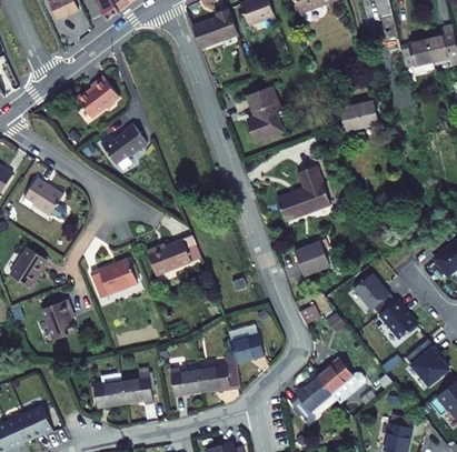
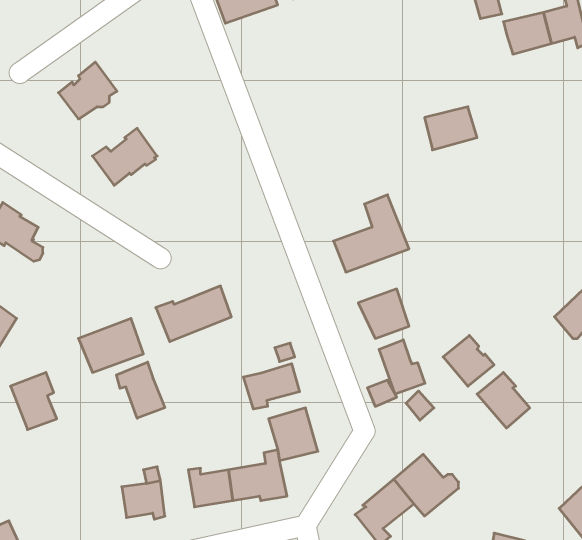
building: [244,89,281,145] -> none
building: none -> [379,340,425,394]
building: none -> [116,362,165,418]
building: none -> [243,364,300,409]
building: [406,339,448,385] -> none
building: [95,373,126,408] -> none

